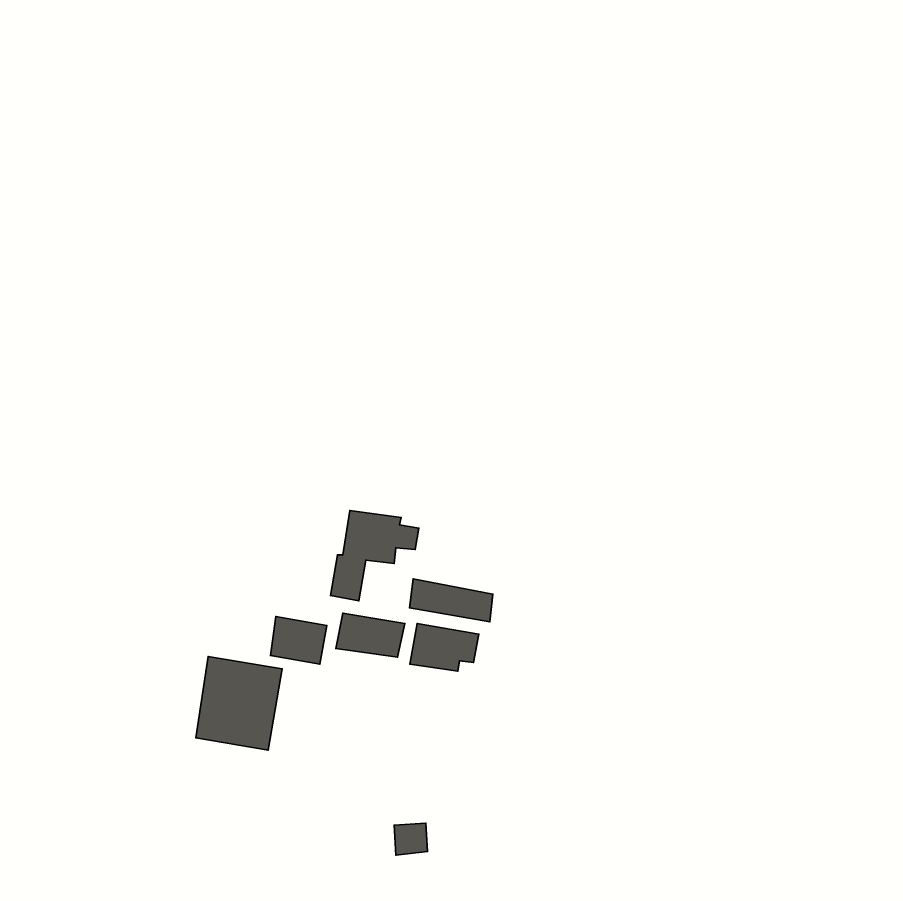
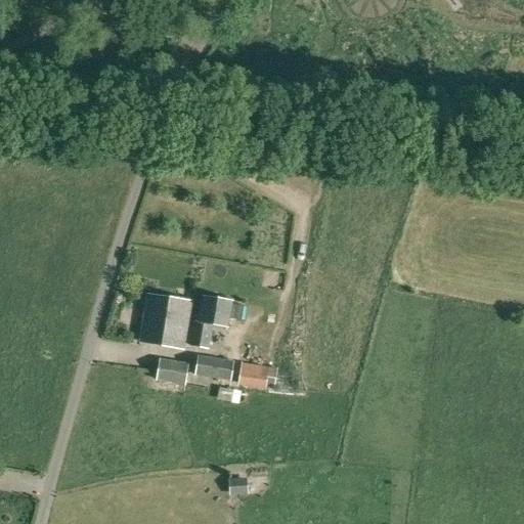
building: [410,579,493,622] -> none
building: [196,656,282,750] -> [140,294,190,348]

